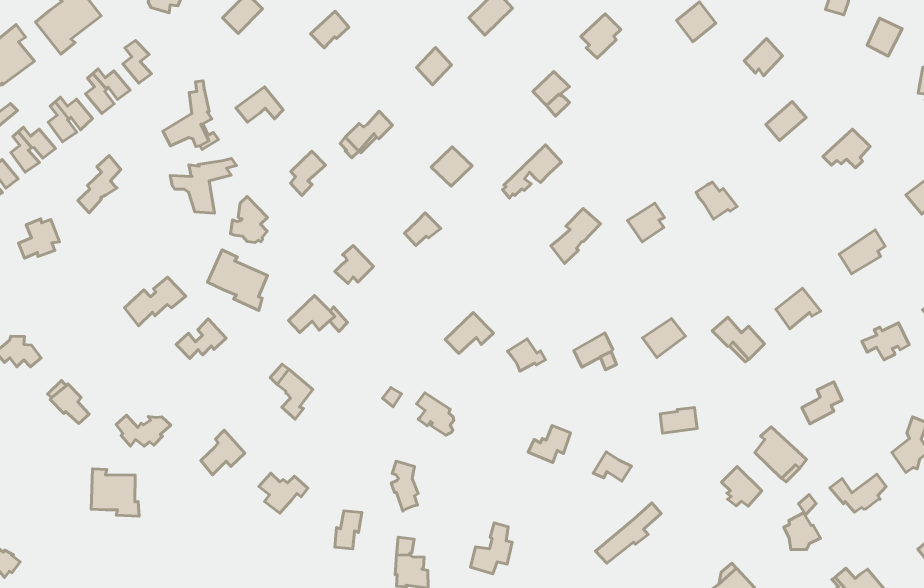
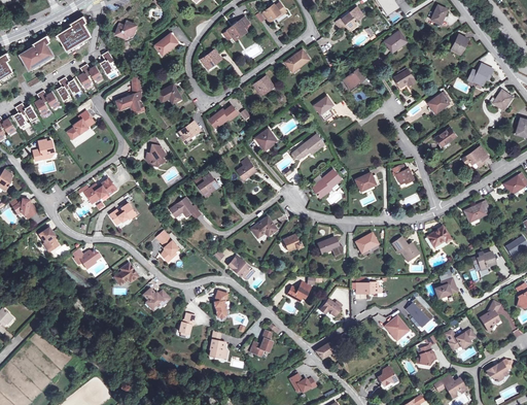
building: [170,158,237,213] -> none
building: [207,250,268,311] -> none
building: [91,469,139,516] -> none

